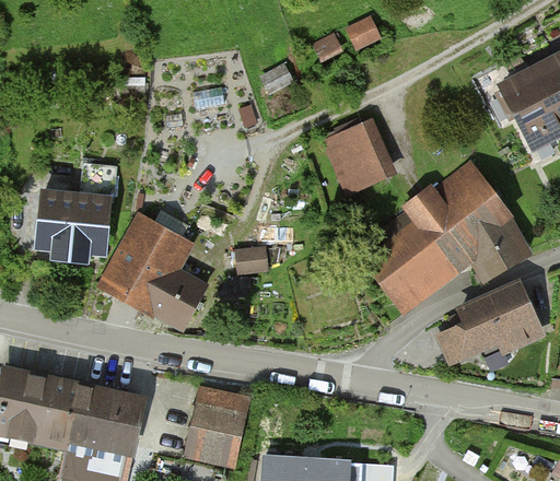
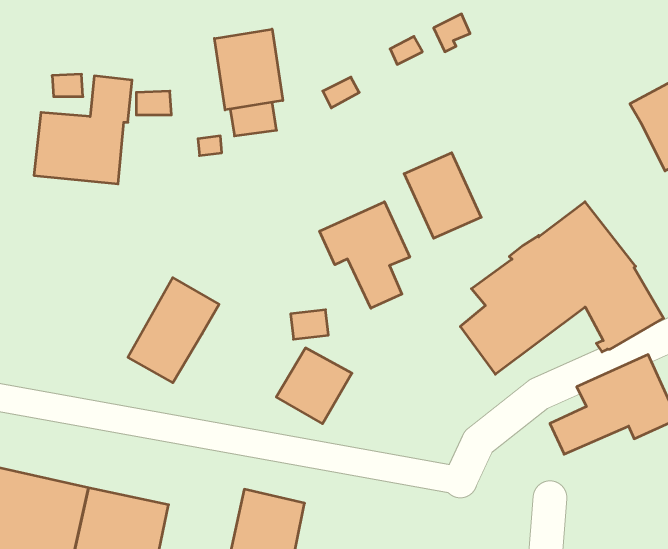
building: none -> [214,29,283,110]
building: none -> [320,202,410,308]
building: [38,166,115,250] -> [34,76,132,184]
building: [145,267,205,326] -> [276,348,352,424]

